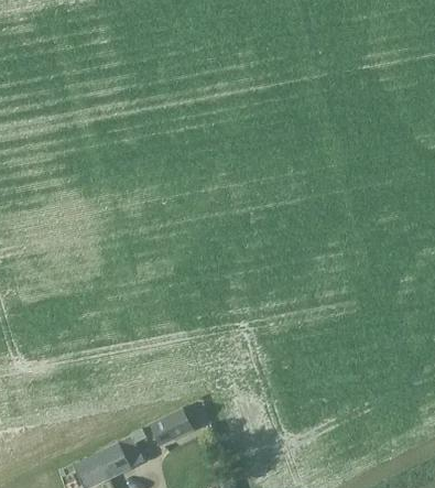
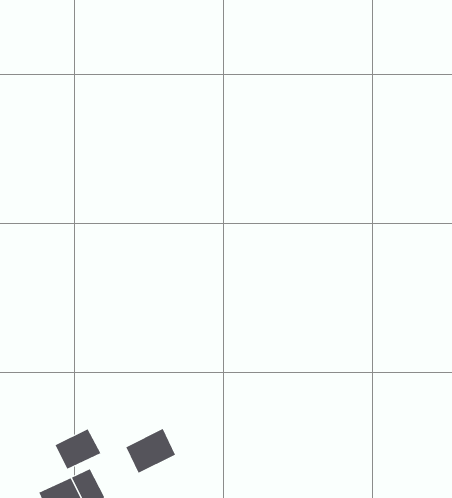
building: none -> [55,428,101,469]

